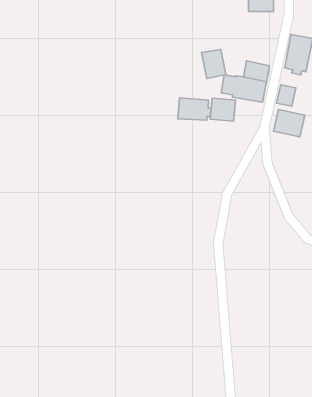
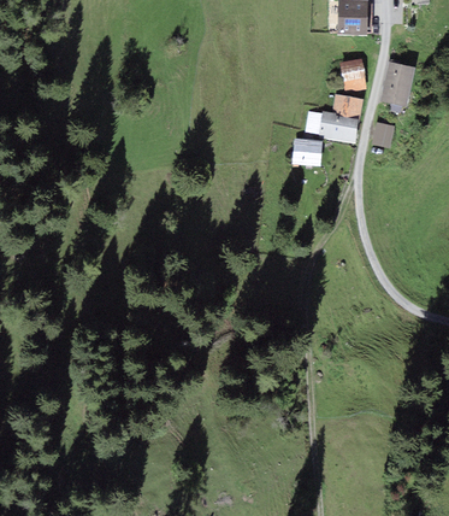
building: [202,49,226,79] -> [338,58,367,93]
building: [178,98,211,120] -> none
building: [274,110,305,137] -> none

